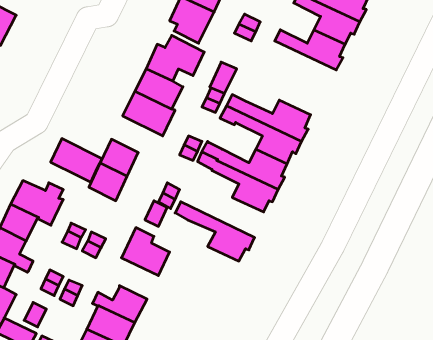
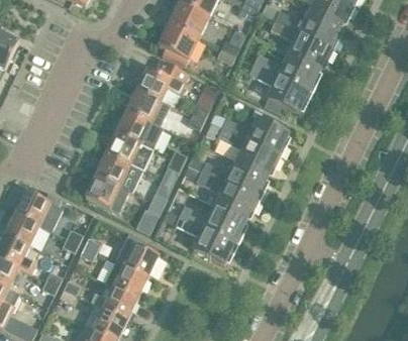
building: none -> [248,66,308,113]
building: [51,139,102,182] -> [105,133,151,173]
building: none -> [168,206,242,243]
building: none -> [103,261,147,299]

